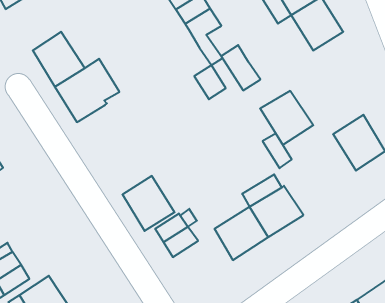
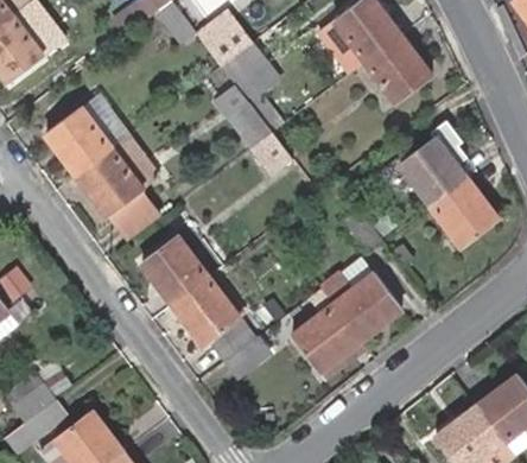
building: [221,45,260,90] -> [220,90,271,146]
building: [260,91,313,145] -> [396,137,464,204]
building: none -> [112,191,159,236]
building: none -> [141,234,208,300]

